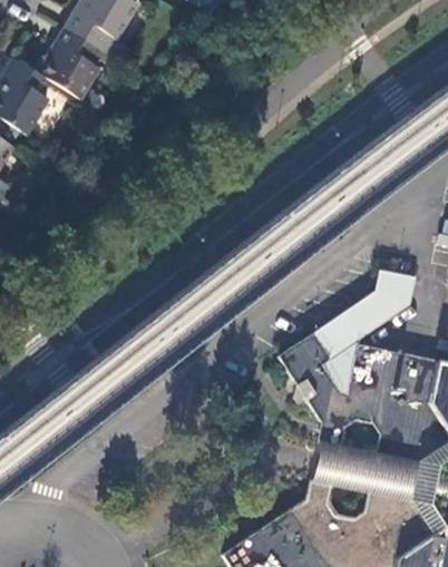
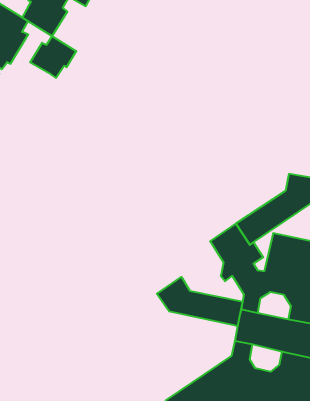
building: none -> [30,36,76,78]
building: none -> [157,277,243,326]

